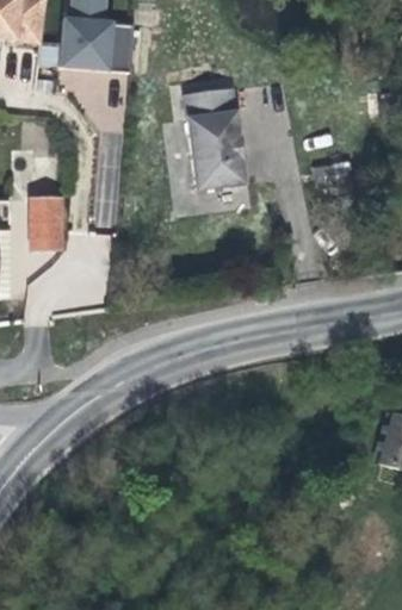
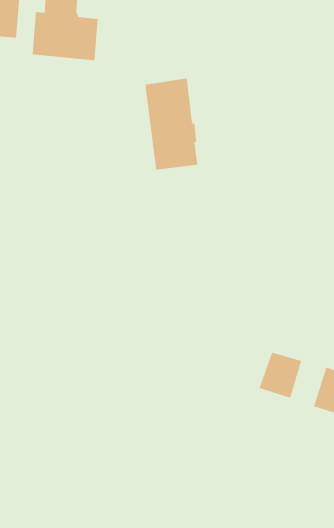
building: [32,201,63,249] -> none
building: none -> [259,352,302,398]

